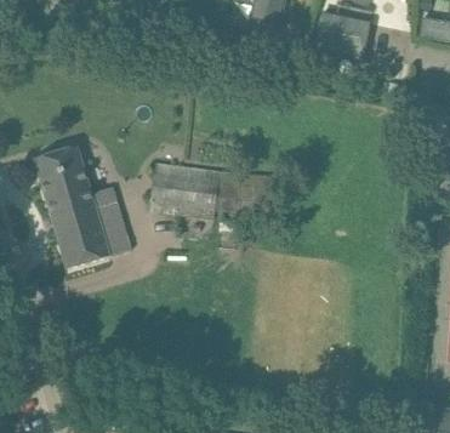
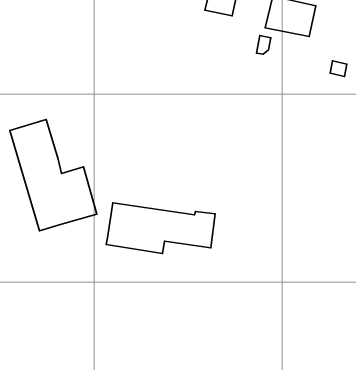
building: [150,161,270,217] -> [106,203,215,253]

